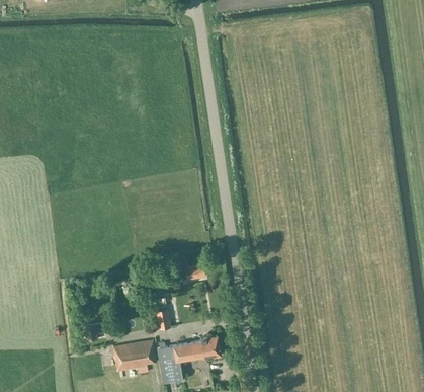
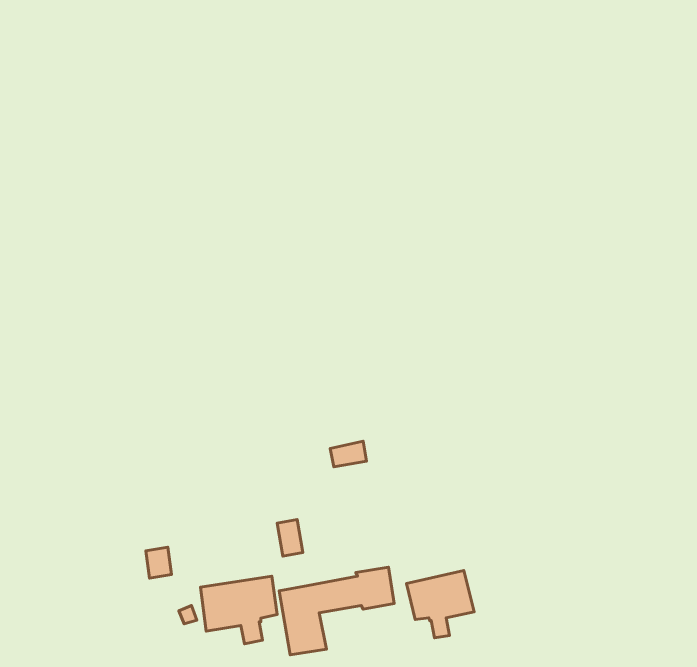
building: none -> [407,571,474,638]

